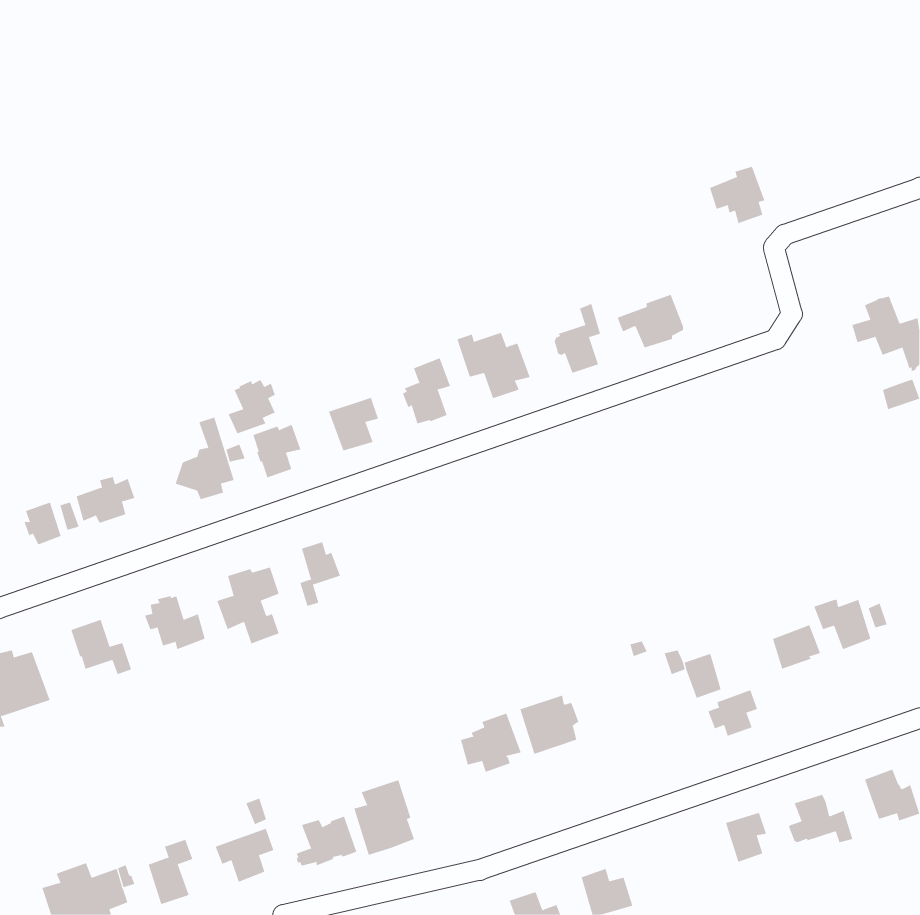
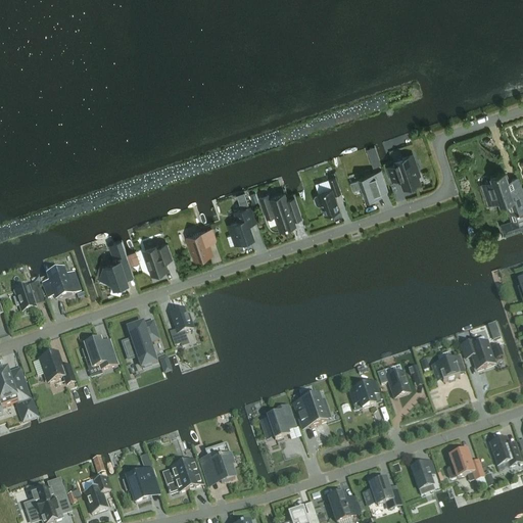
building: [709,166,765,224] -> [387,151,419,184]
building: [228,379,276,434] -> none
building: [707,689,758,736] -> [350,380,379,407]
building: none -> [364,477,399,508]

